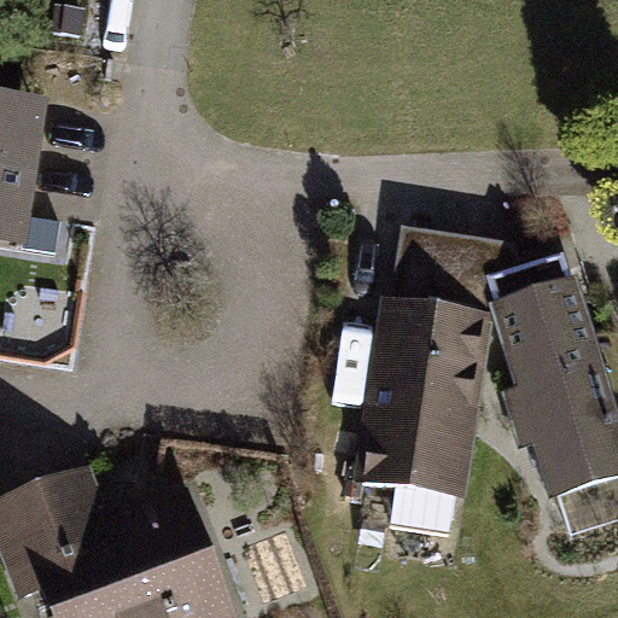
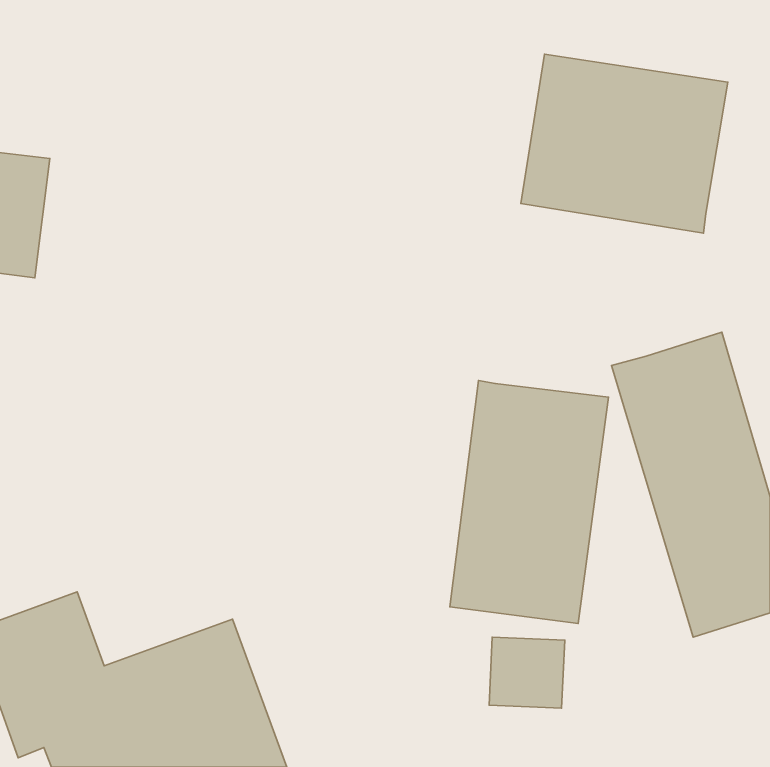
building: none -> [521,54,728,233]
building: [396,239,517,317] -> none

